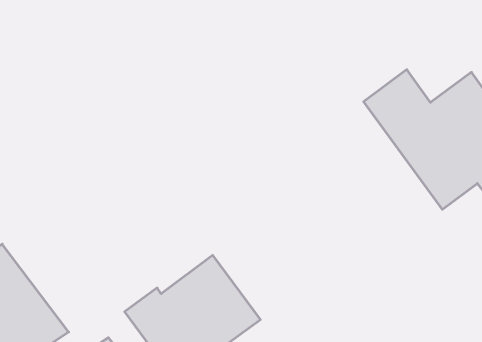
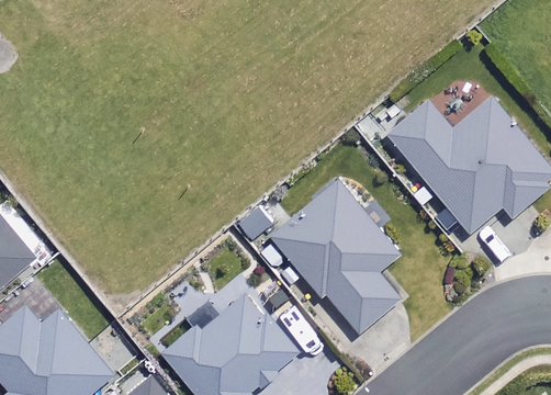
building: none -> [271,181,401,345]

